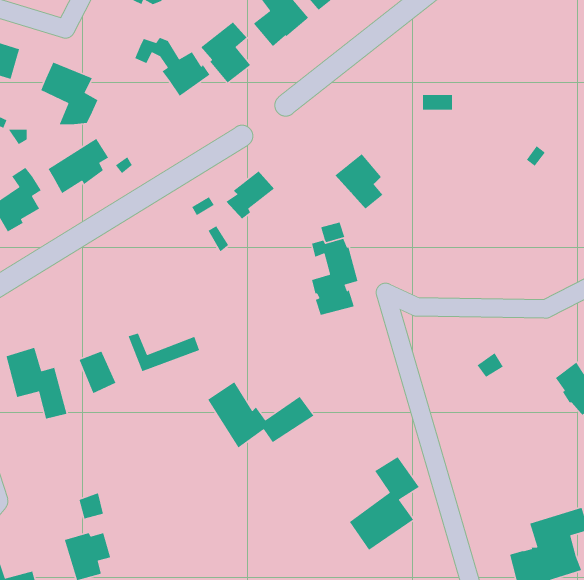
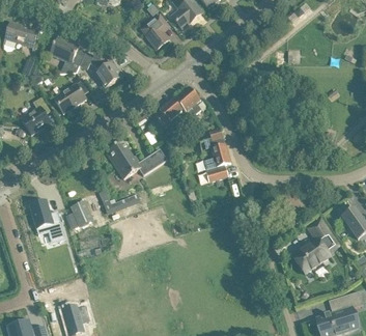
building: [134,35,210,97] -> [79,52,122,87]
building: [335,153,384,210] -> [173,86,201,118]
building: [207,381,314,448] -> [106,140,167,178]
building: [349,456,420,551] -> [292,219,333,273]

